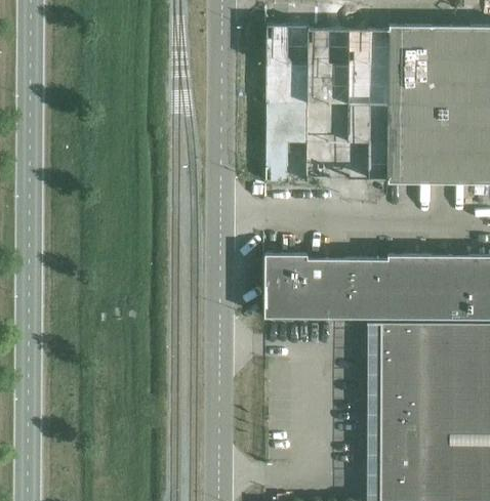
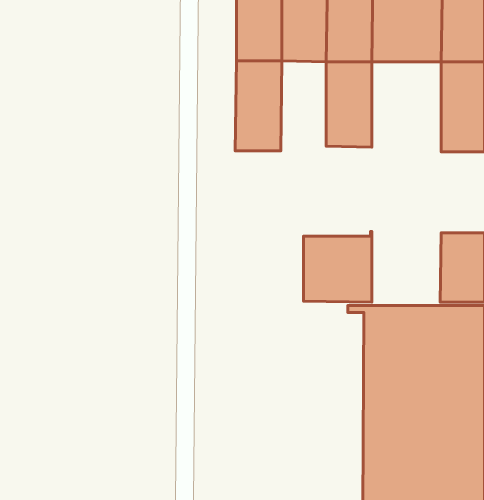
building: [305,101,346,182] -> none
building: [387,102,450,183] -> none
building: [263,254,326,318] -> none
building: [387,255,450,319] -> none

